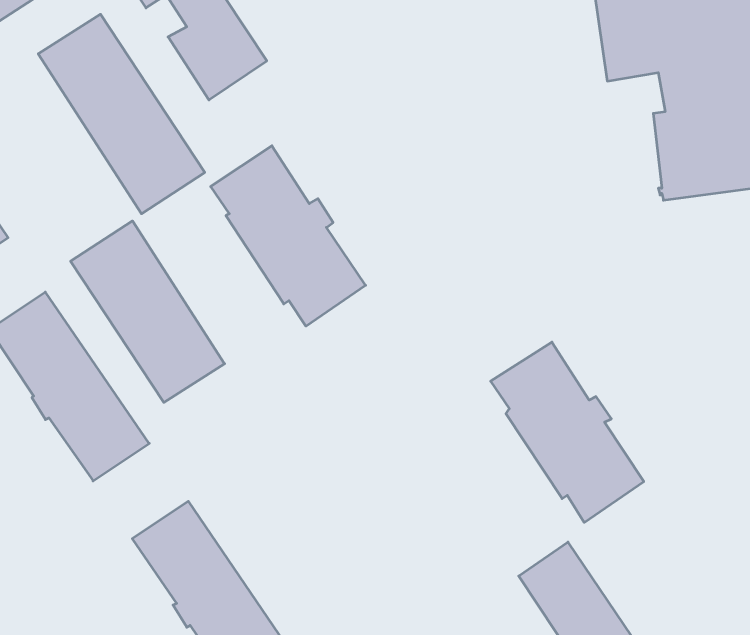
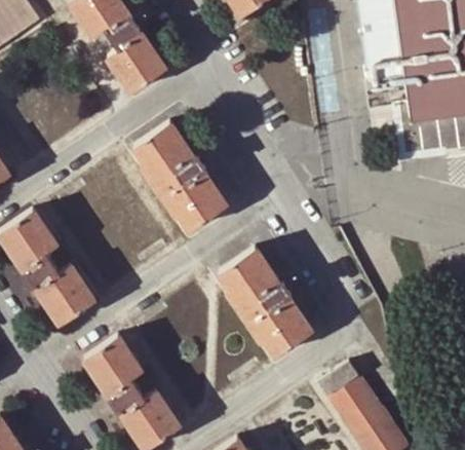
building: [38,14,205,214] -> none
building: [71,221,225,402] -> none
building: [491,342,644,522] -> [218,248,310,357]

